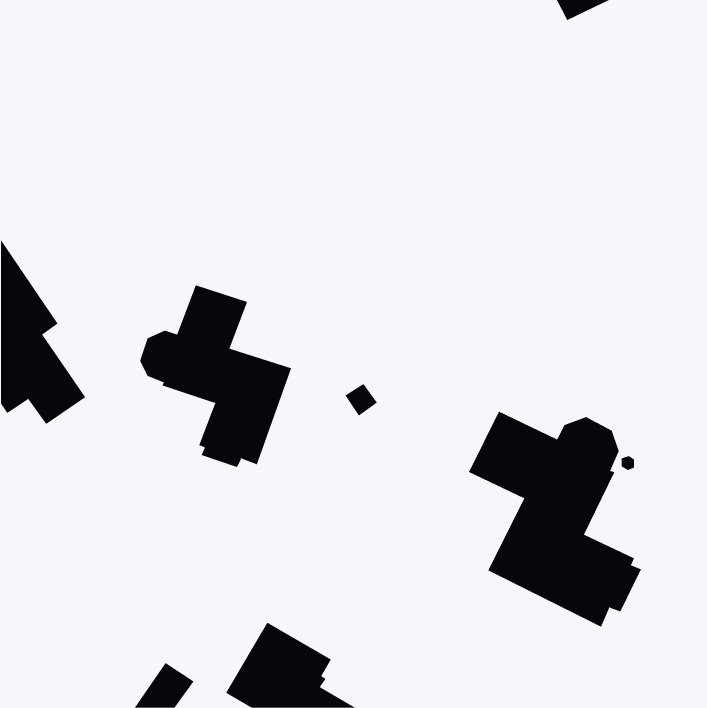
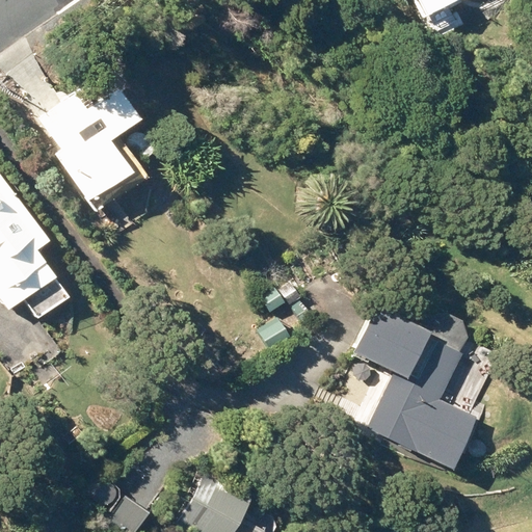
building: none -> [38,88,144,212]
building: [140,285,292,468] -> none

